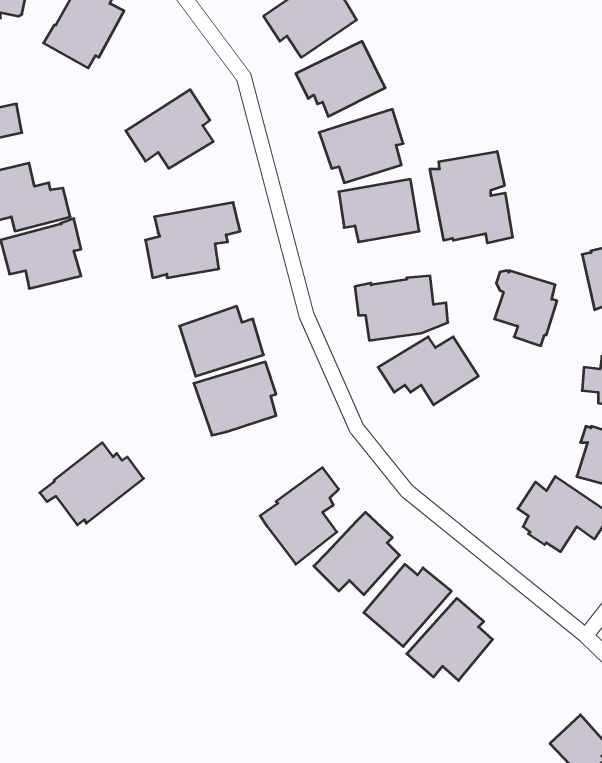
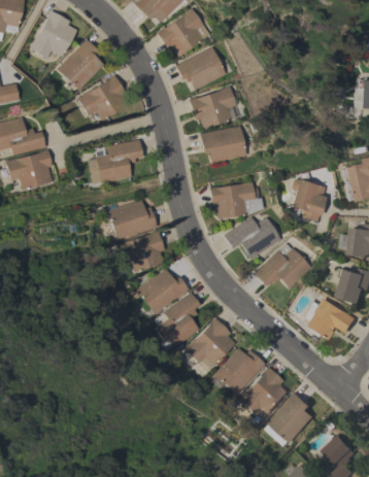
building: none -> [57,39,104,90]
building: [430,151,513,243] -> none
building: none -> [254,242,311,287]
building: [40,443,144,525] -> [129,268,189,315]
building: none -> [265,391,314,446]

